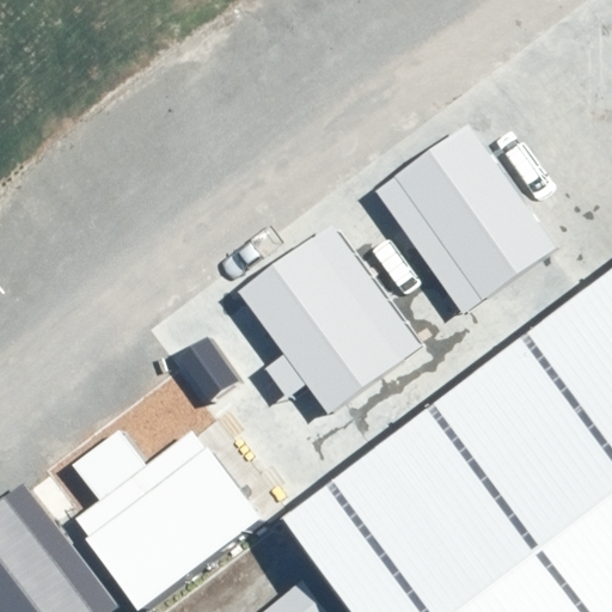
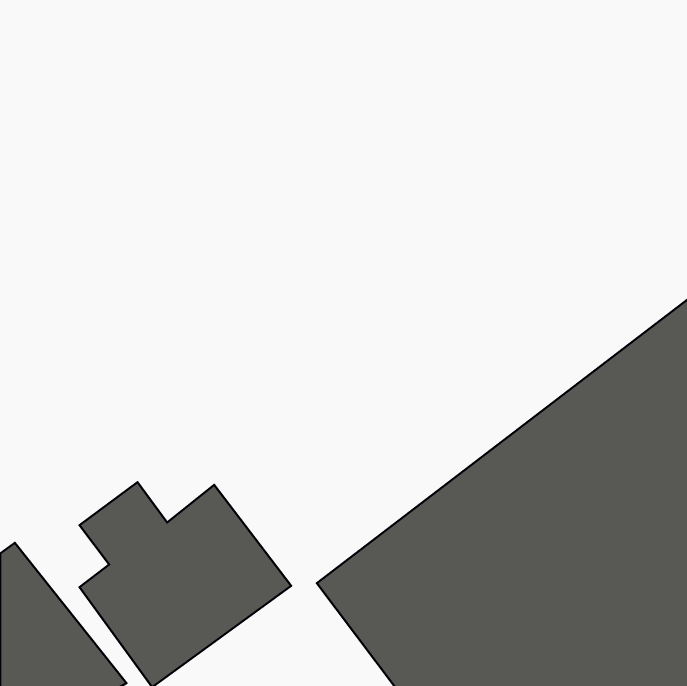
building: [378,121,555,314] -> none
building: [237,219,422,409] -> none

